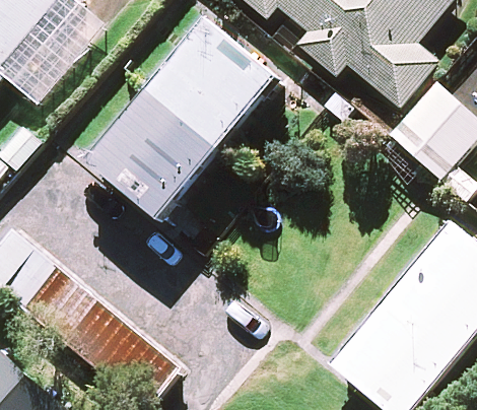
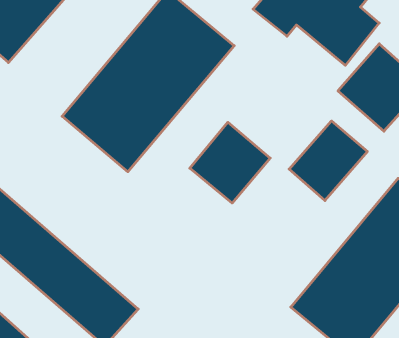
building: none -> [289,121,367,201]
building: none -> [190,122,270,203]

